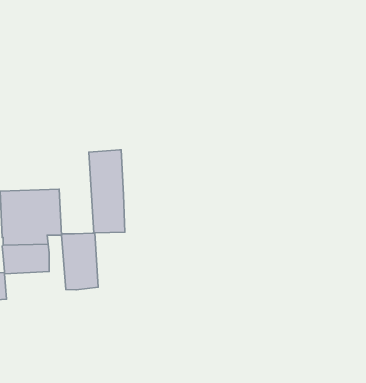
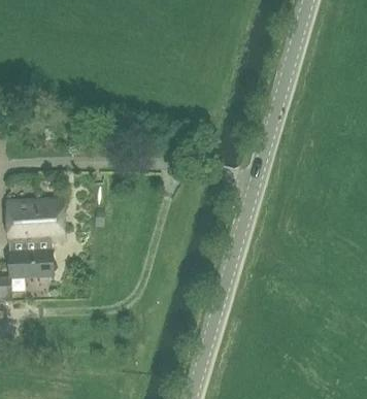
building: [61,150,125,290] -> none

